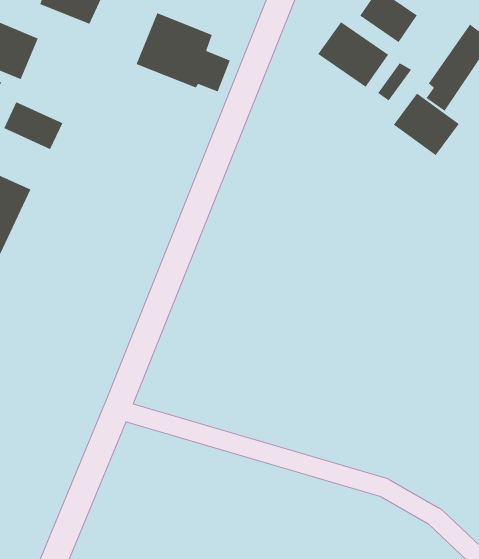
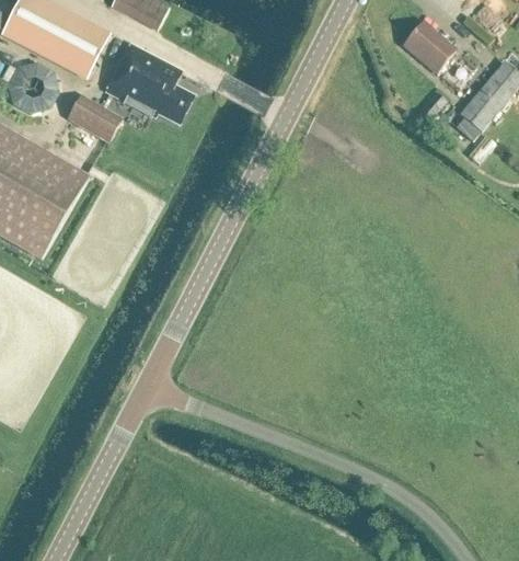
building: [135,12,231,92] -> [105,45,193,124]
building: [317,21,389,88] -> none
building: [393,93,460,156] -> none

